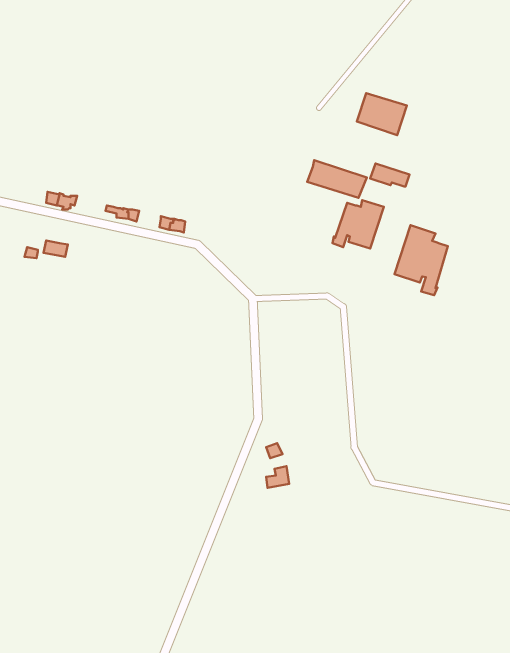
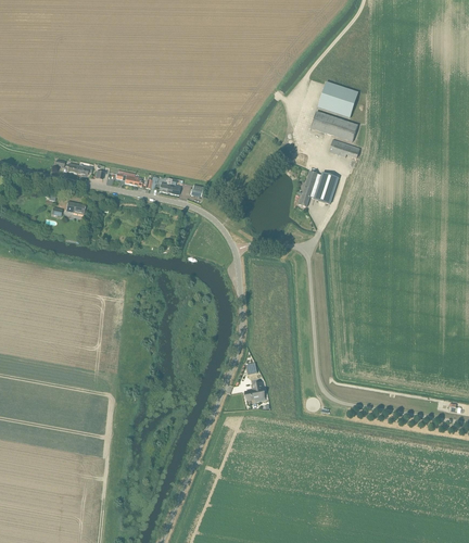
building: [307,160,367,198] -> [310,111,358,141]
building: [395,225,448,295] -> none

